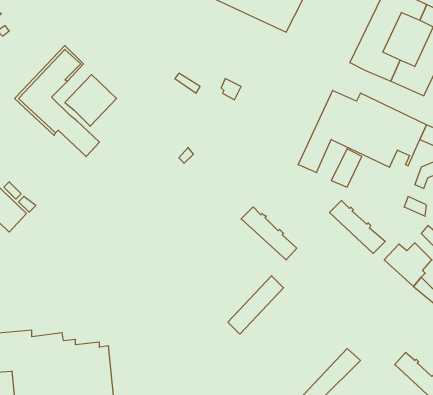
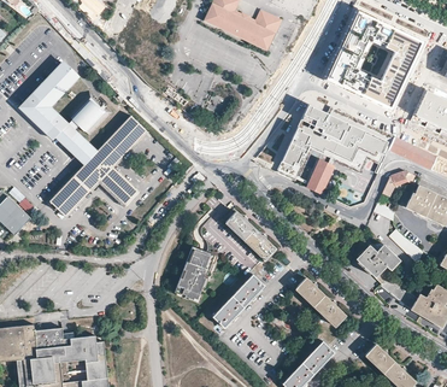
building: none -> [49,116,146,216]
building: [330,200,385,253] -> [295,277,346,326]
building: none -> [173,246,217,303]

